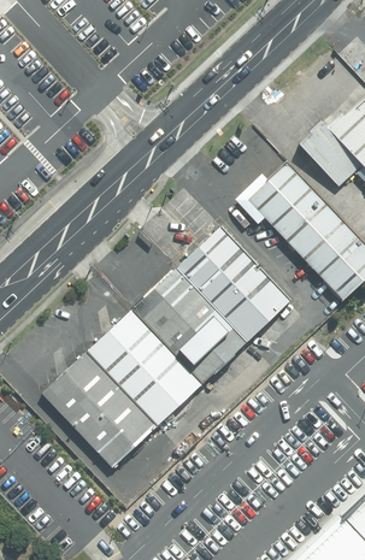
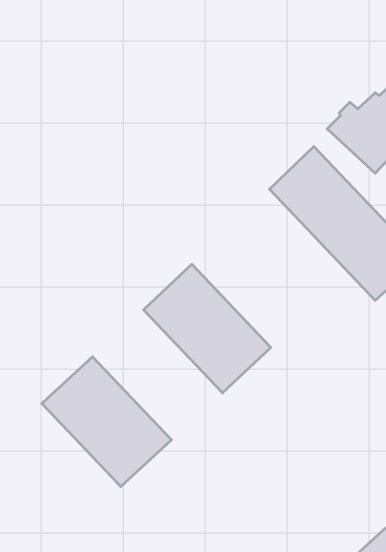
building: [176,228,292,343] -> none
building: [87,310,204,426] -> none

